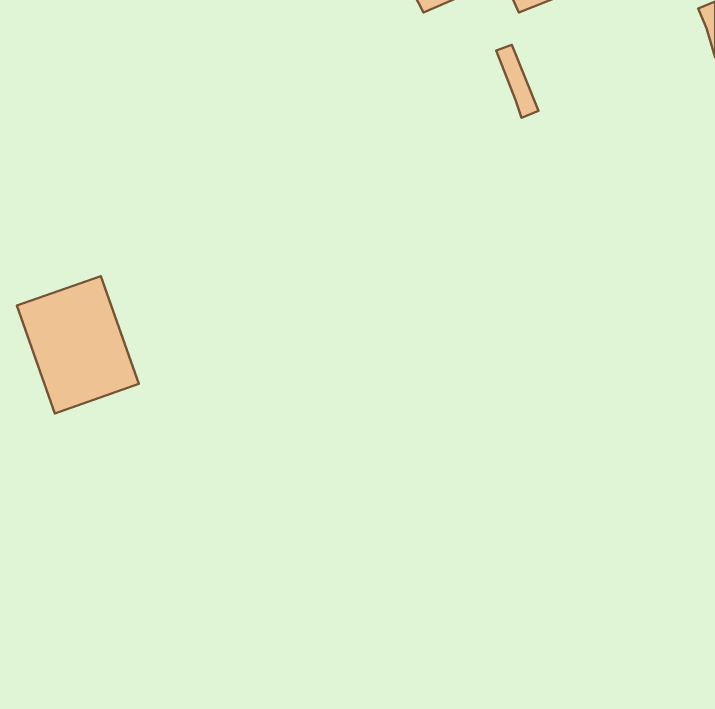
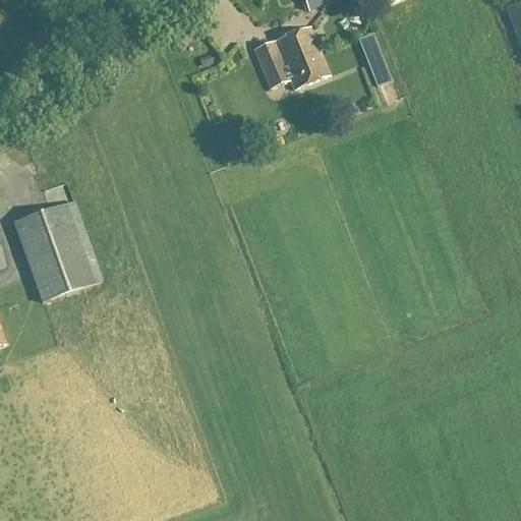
building: none -> [253,24,329,88]

